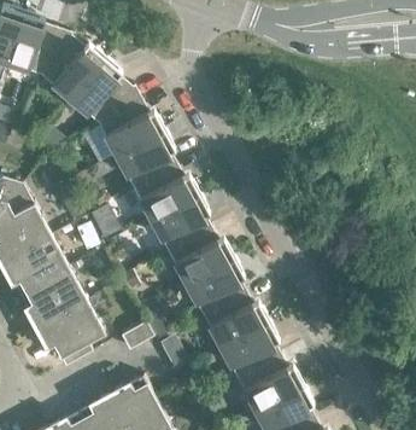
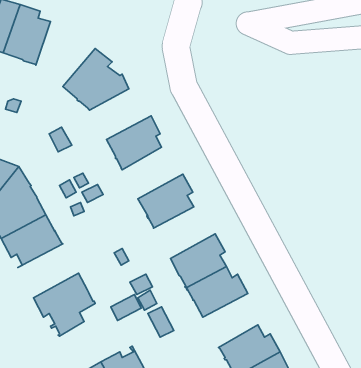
building: [40,30,104,100] -> none
building: [98,103,164,157] -> none
building: [133,165,198,221] -> none
building: [166,229,233,285] -> none
building: [20,269,86,327] -> none
building: [219,322,279,380] -> none

